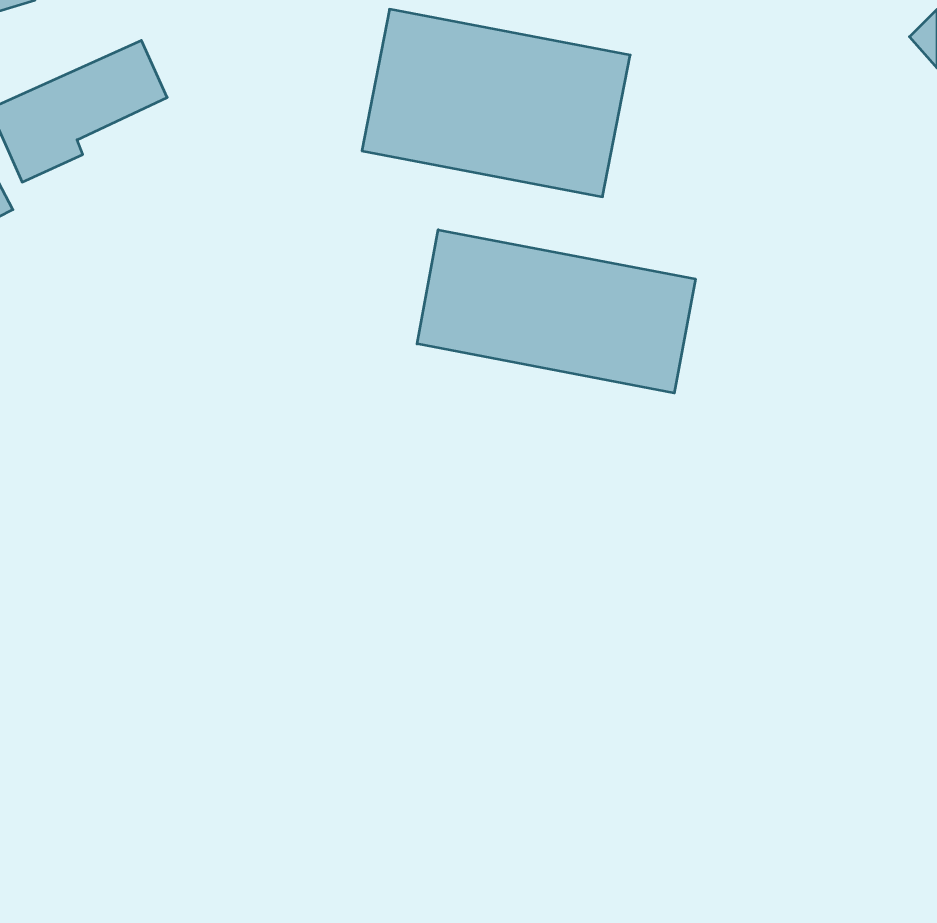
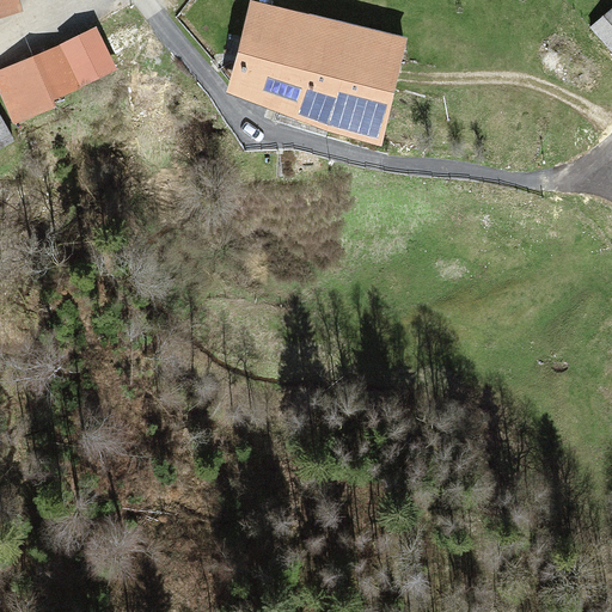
building: [417,230,695,393] -> none

